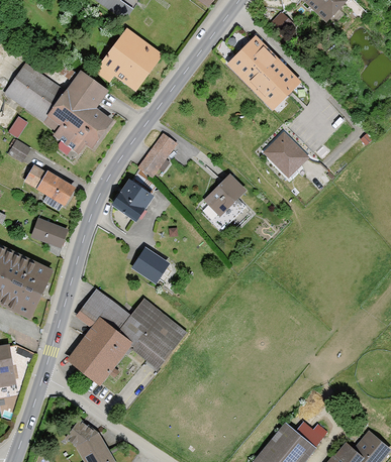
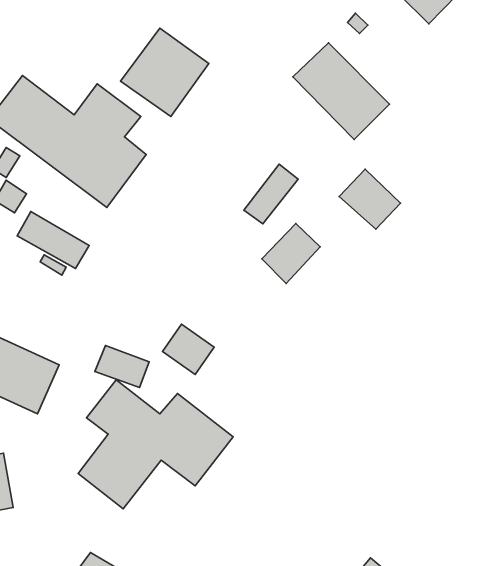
building: [136,134,177,179] -> [244,164,298,224]
building: [113,178,153,226] -> none
building: [27,219,68,250] -> [95,346,149,388]

